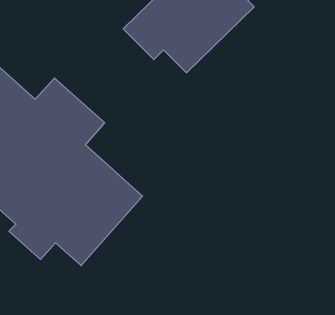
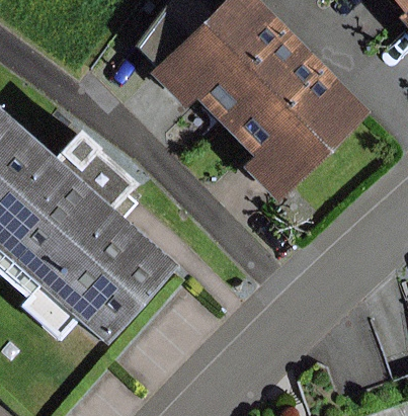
building: none -> [227,49,371,201]

